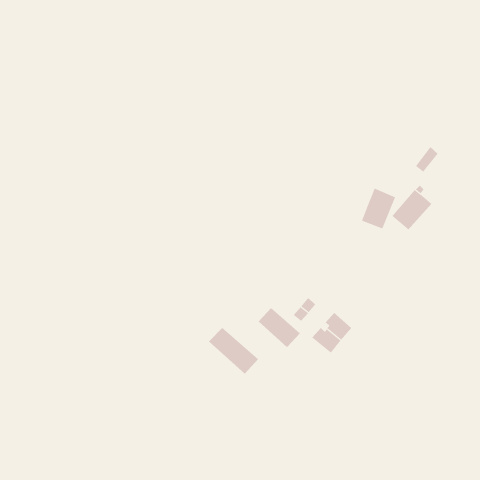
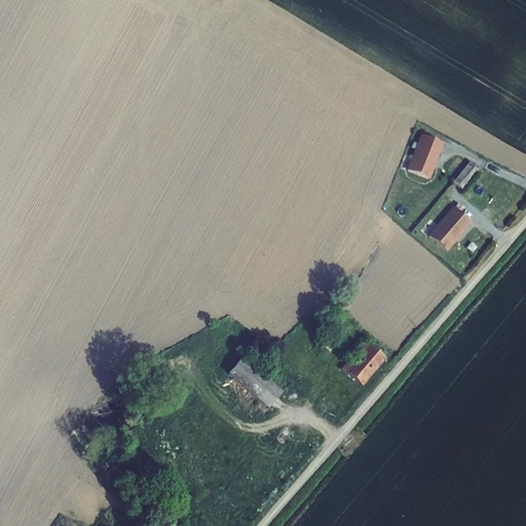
building: [361,188,396,229] -> [407,133,445,178]
building: [258,307,301,347] -> none

